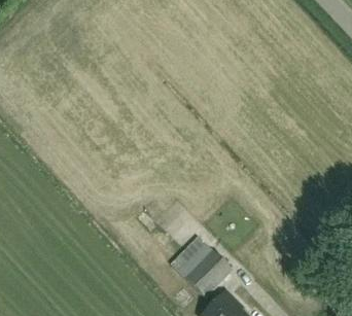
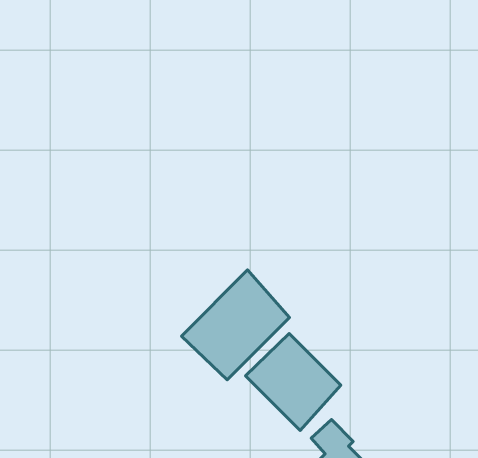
building: none -> [181,270,289,380]

